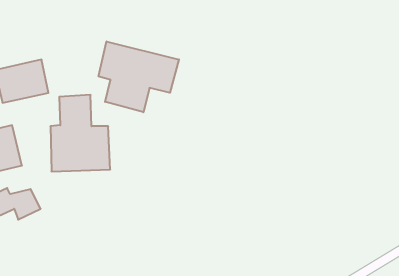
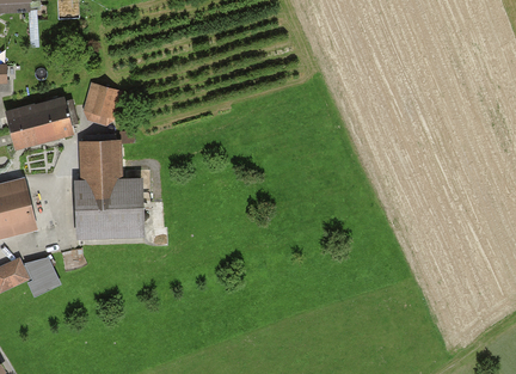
building: [99,41,179,112] -> none
building: none -> [82,84,118,122]

